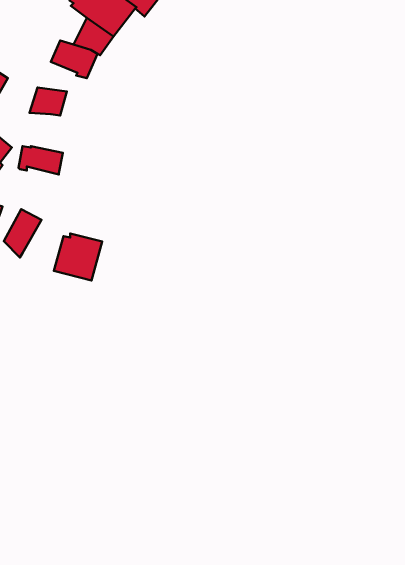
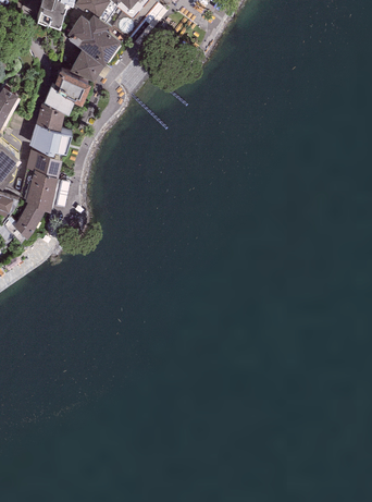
building: none -> [45,83,74,108]
building: none -> [29,124,72,150]
building: [54,234,102,280] -> [20,168,59,206]

